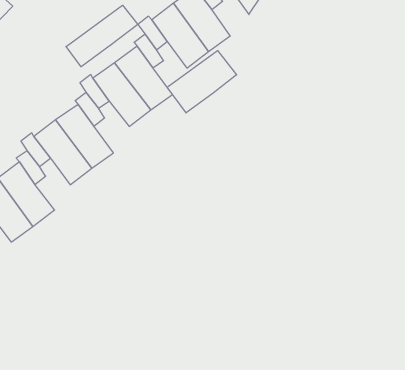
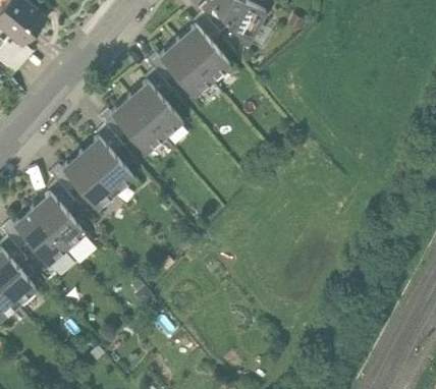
building: [66,5,138,67] -> none
building: [167,51,237,113] -> none

